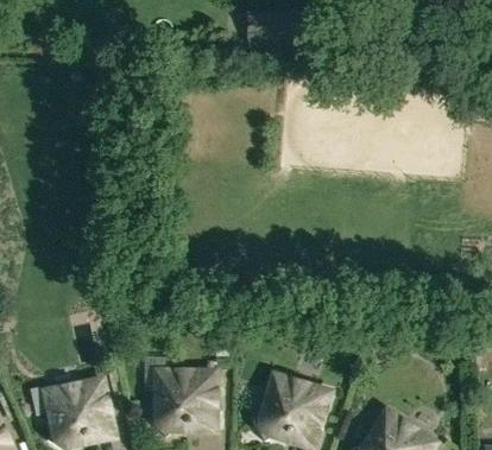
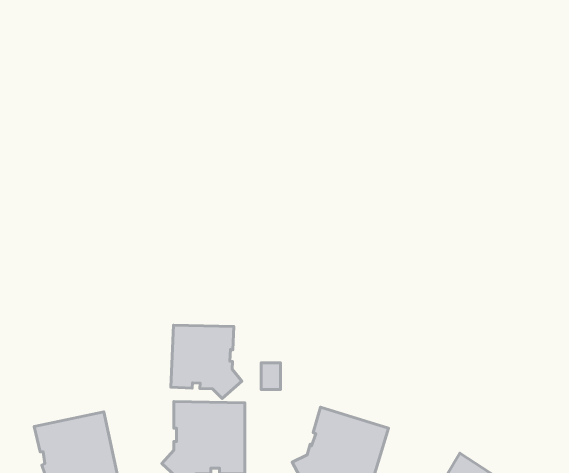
building: none -> [171,325,242,398]

